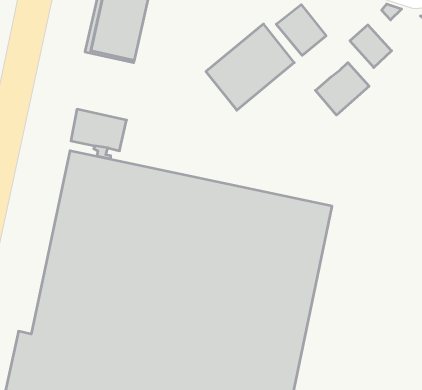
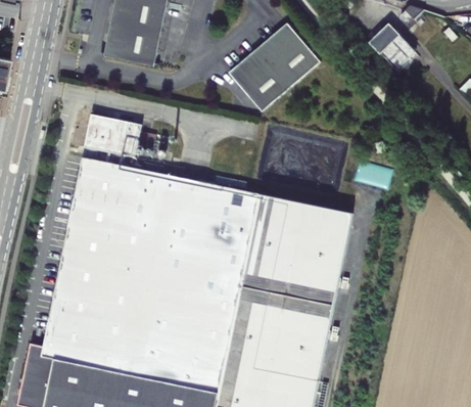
building: [276,5,326,55] -> none
building: [315,63,369,115] -> none

